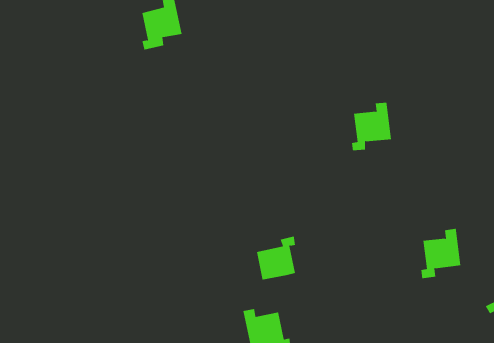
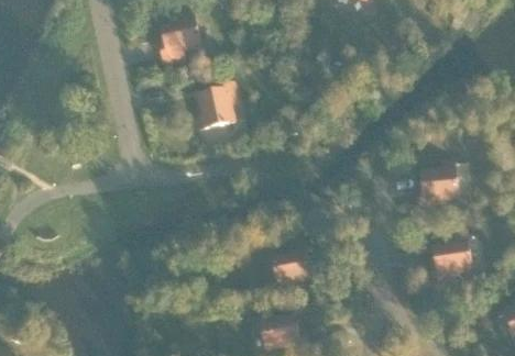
building: none -> [196,81,238,129]
building: [351,102,392,151] -> [419,160,459,208]

